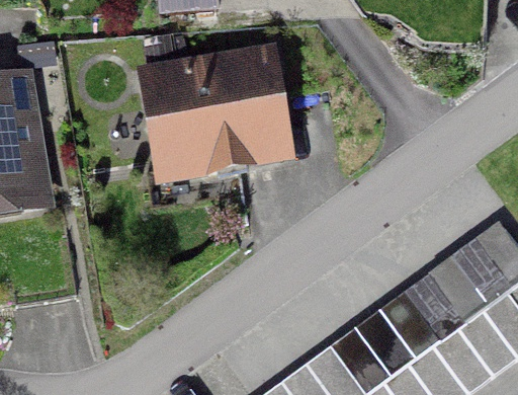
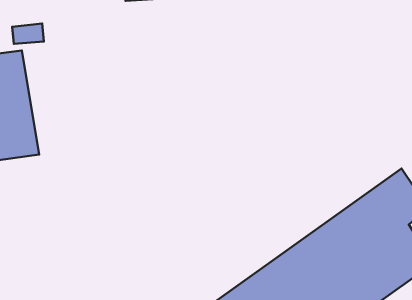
building: [147,53,285,178] -> none

